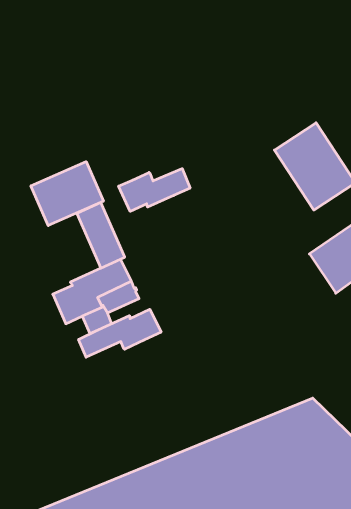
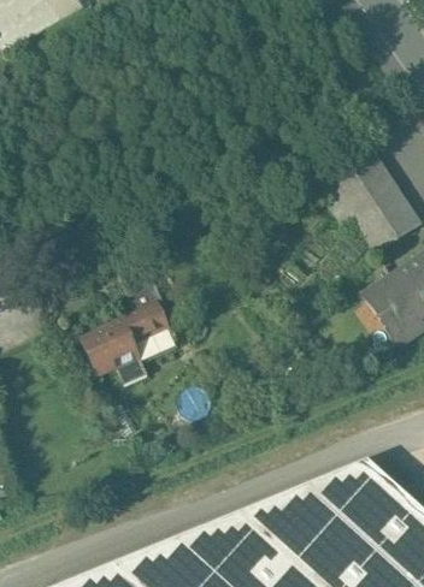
building: [31,162,103,226] -> none
building: [119,169,190,211] -> none
building: [79,309,161,357] -> none

